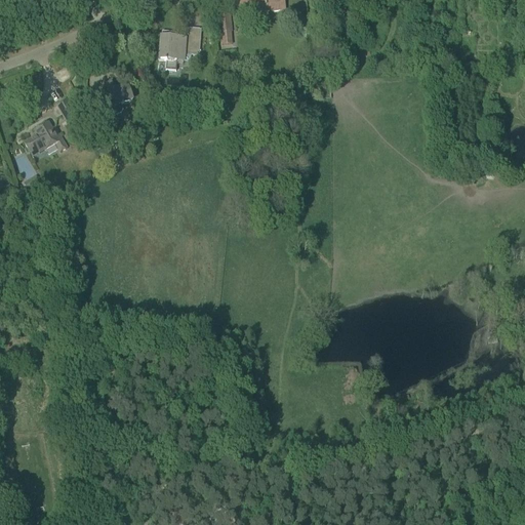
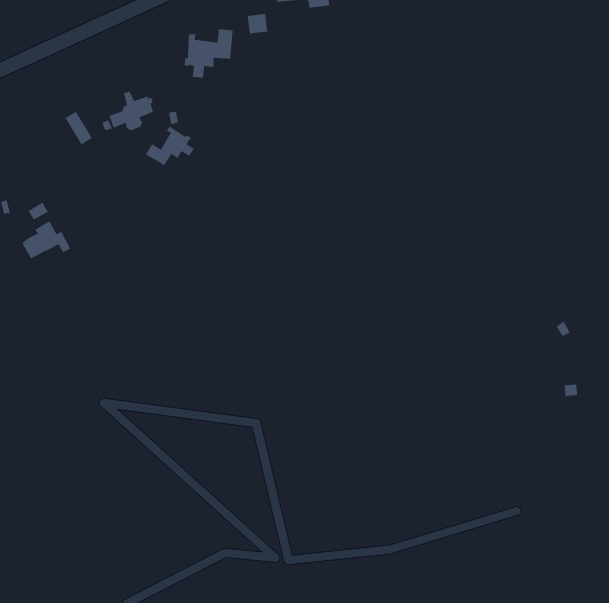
building: none -> [145,125,195,167]
building: [24,120,67,154] -> [21,220,71,259]

